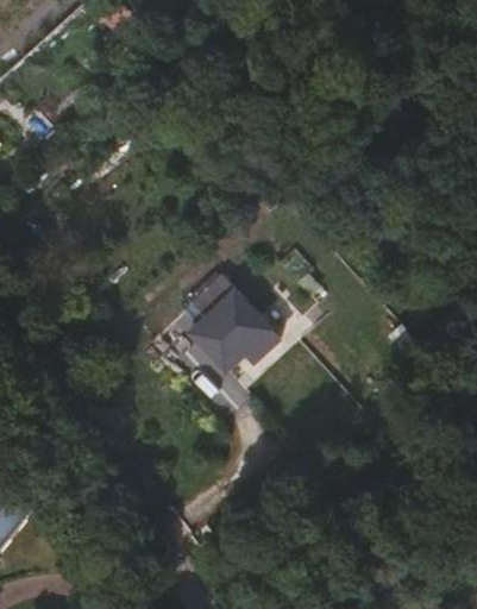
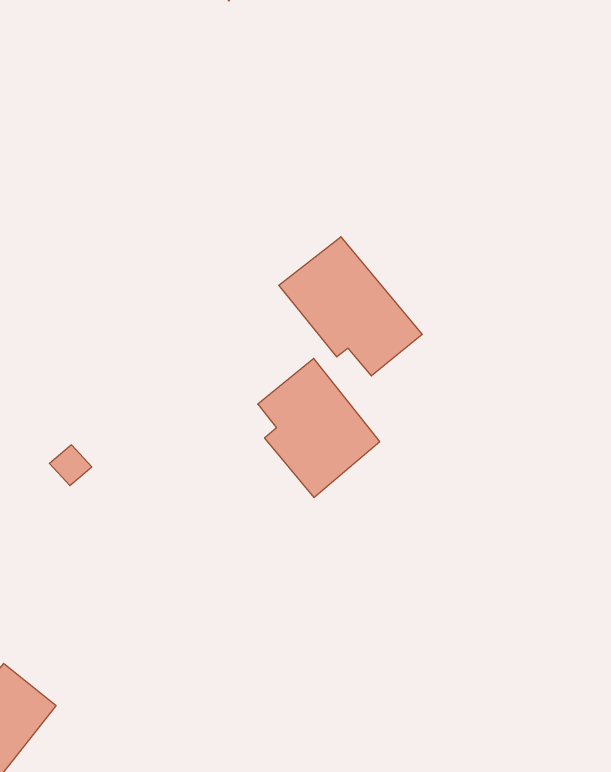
building: none -> [279,237,422,376]

